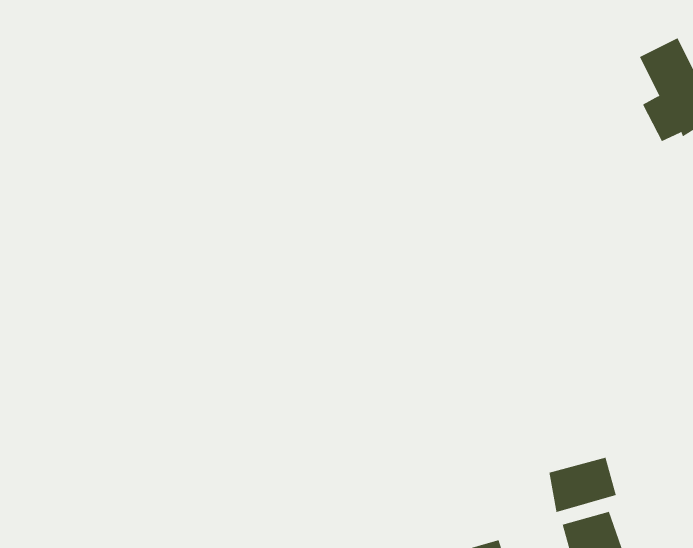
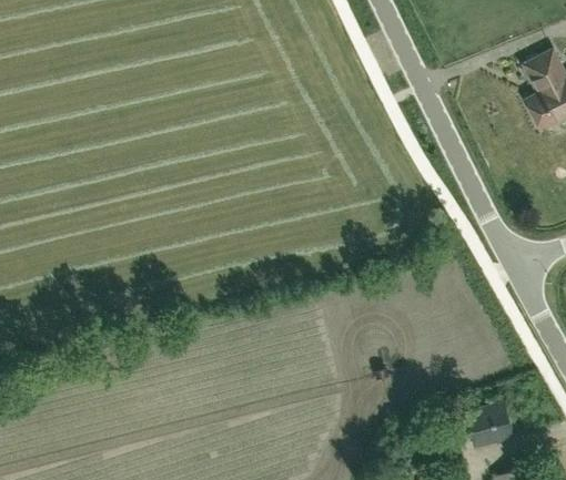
building: [549,457,617,513] -> none

